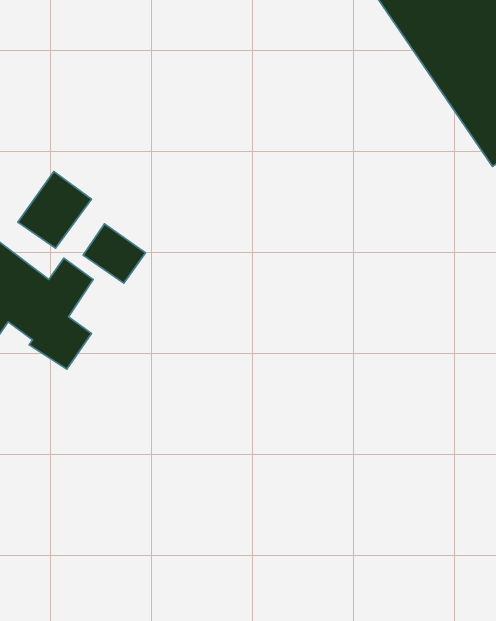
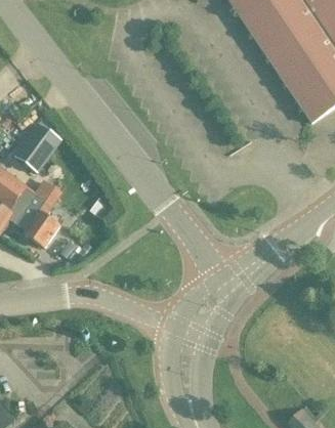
building: [83,224,146,283] -> none

